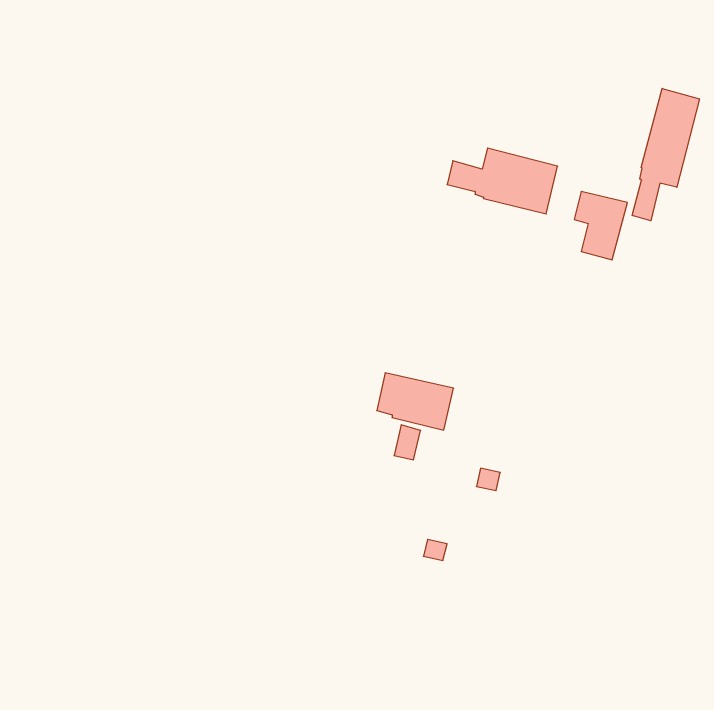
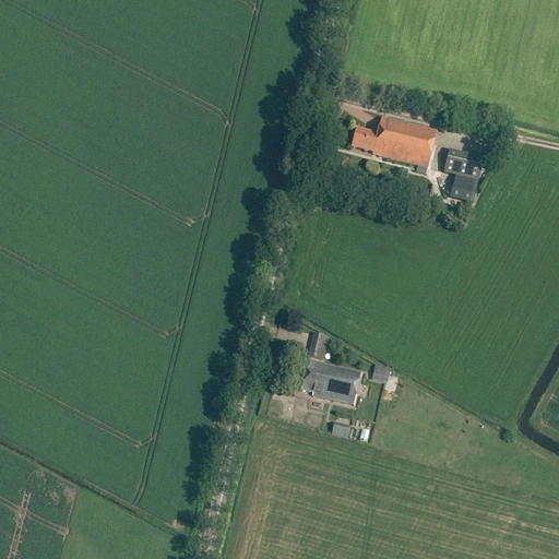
building: [632,88,700,221] -> none
building: [377,373,454,430] -> [300,359,360,404]

